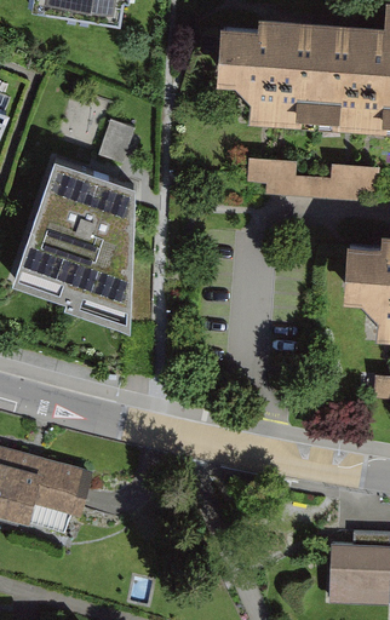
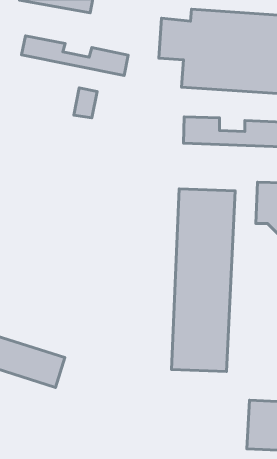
building: none -> [22,36,128,75]
building: [13,153,134,323] -> none
building: none -> [171,189,235,371]

